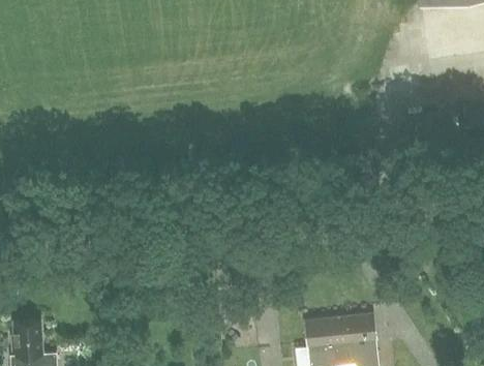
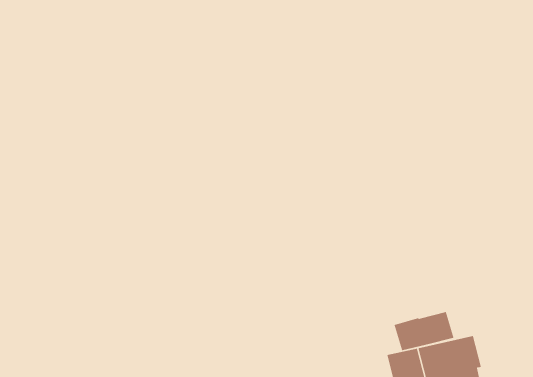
building: none -> [394,311,454,351]

